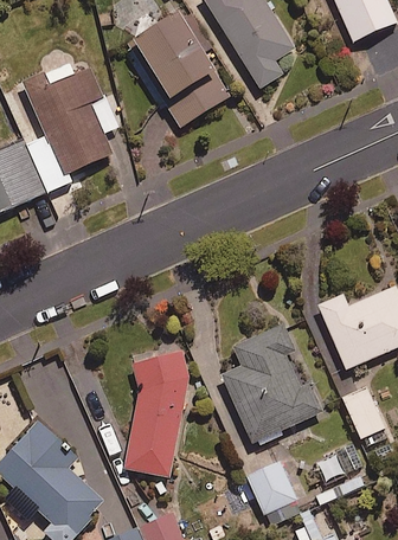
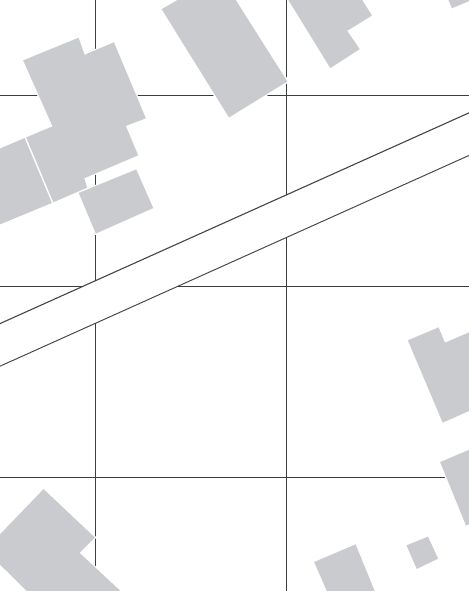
building: none -> [78,169,154,234]
building: [220,322,322,445] -> none
building: [124,348,190,475] -> none

